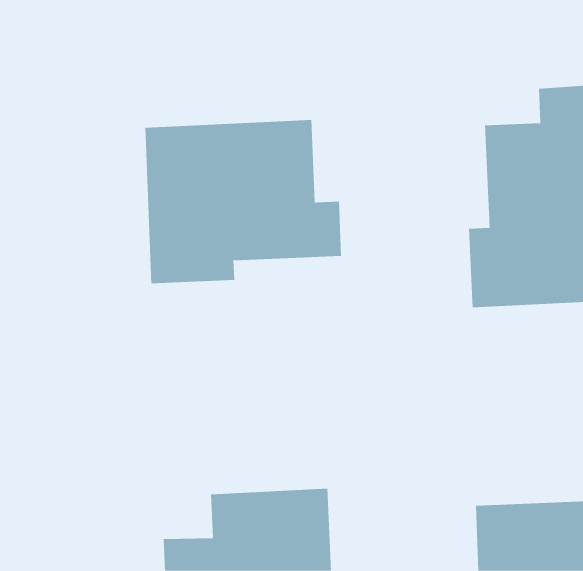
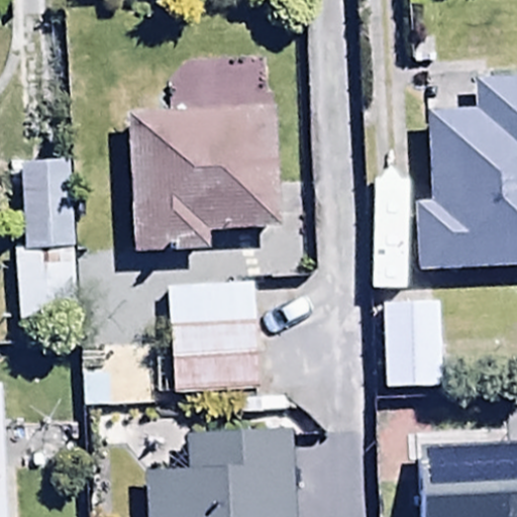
building: none -> [15,158,78,316]
building: none -> [168,277,263,388]
building: none -> [383,297,446,389]

